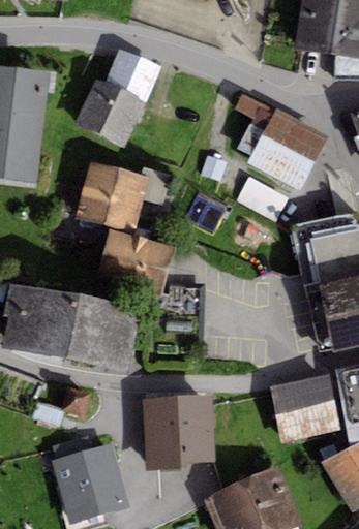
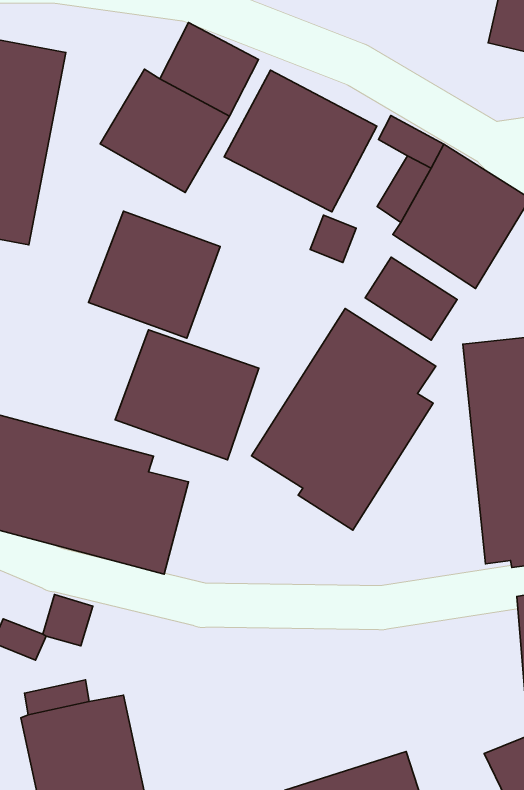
building: none -> [224,70,377,212]
building: none -> [251,308,436,530]
building: [271,374,339,440] -> none
building: [144,395,216,470] -> none

